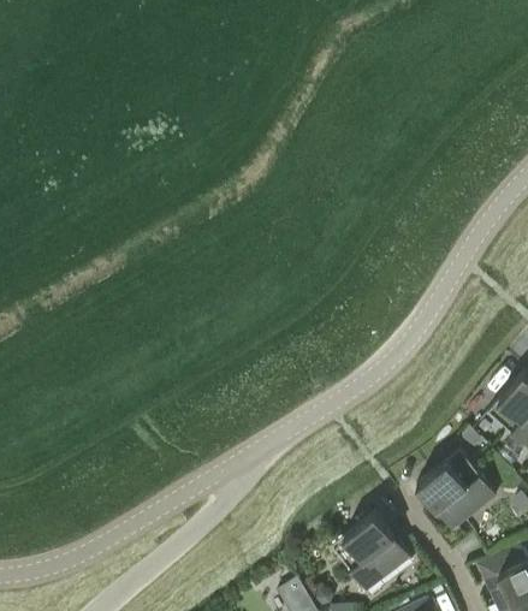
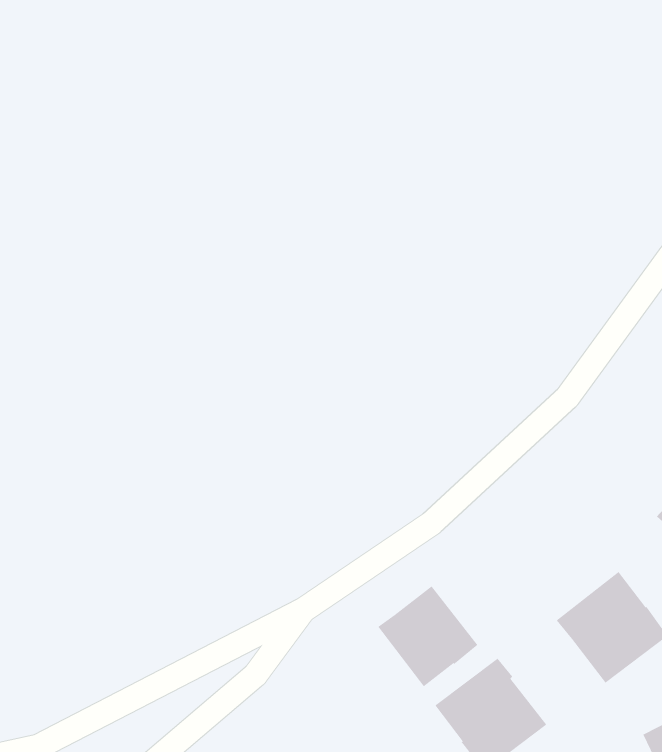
building: none -> [378,586,478,687]

